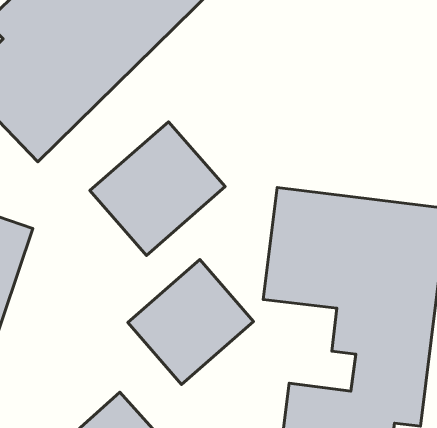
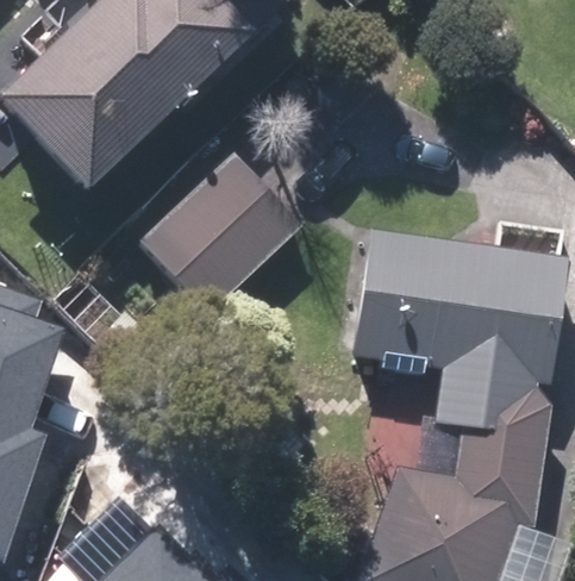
building: [128,260,253,384] -> none

